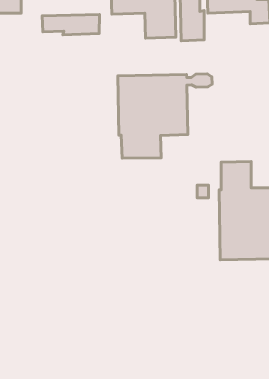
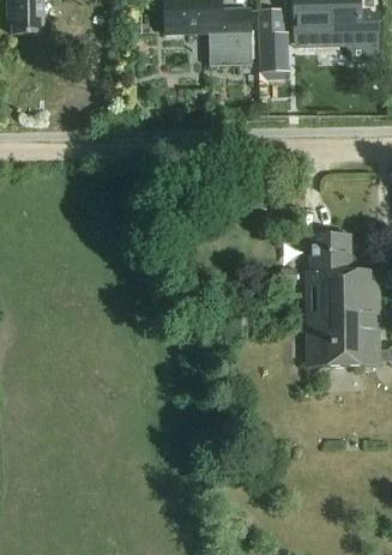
building: [42,15,99,35] -> none
building: [118,74,212,158] -> none

